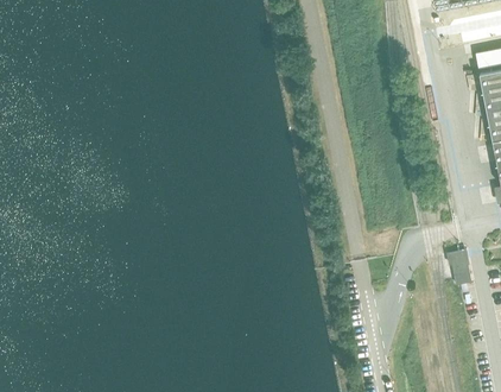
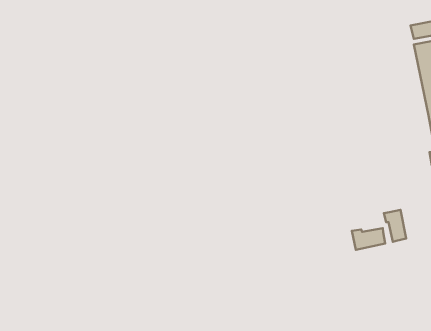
building: none -> [352,228,385,250]

